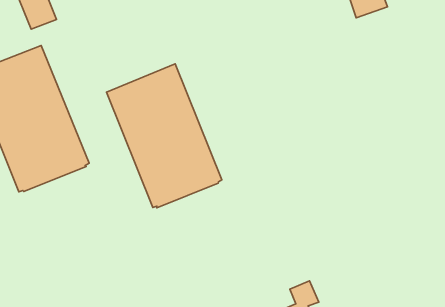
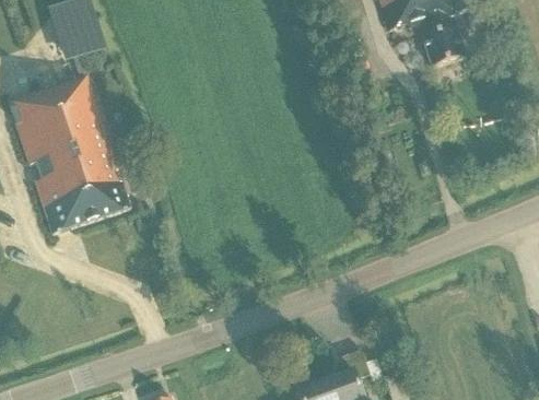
building: [107,64,222,208] -> none

